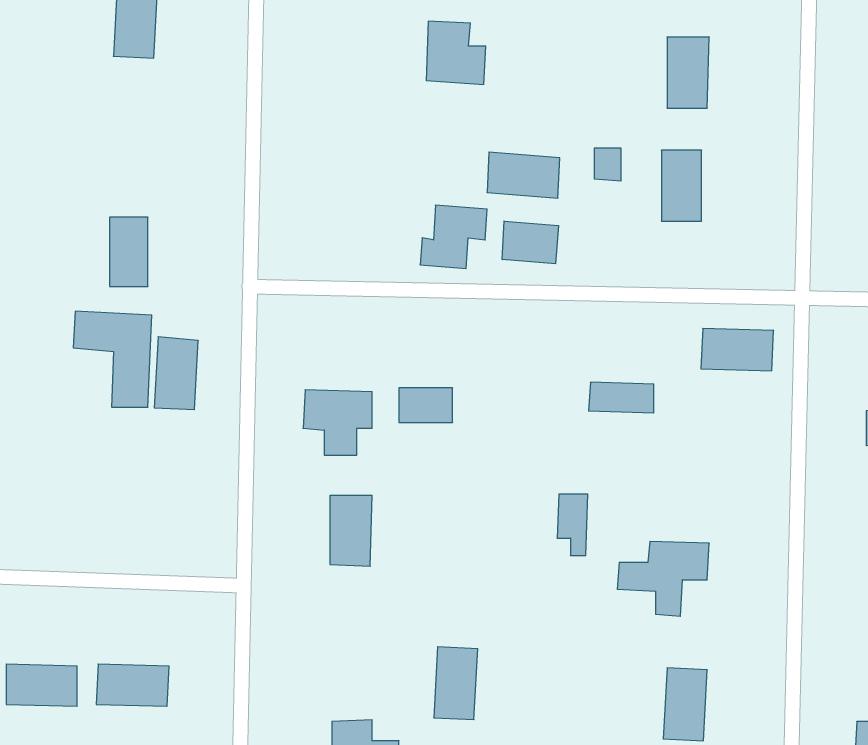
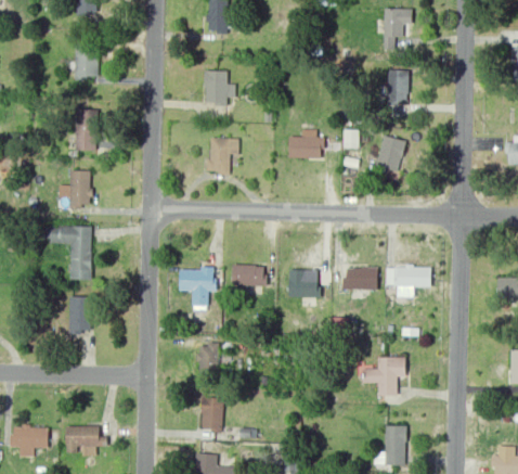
building: [426,21,486,84] -> [203,72,236,107]
building: none -> [75,111,100,152]
building: [420,205,487,269] -> [203,138,241,174]
building: [502,221,559,264] -> none
building: [701,328,774,371] -> [388,264,429,287]
building: [154,337,198,410] -> [67,295,92,336]
building: [557,494,588,555] -> [294,273,311,308]
building: [434,647,478,720] -> [198,393,223,434]

